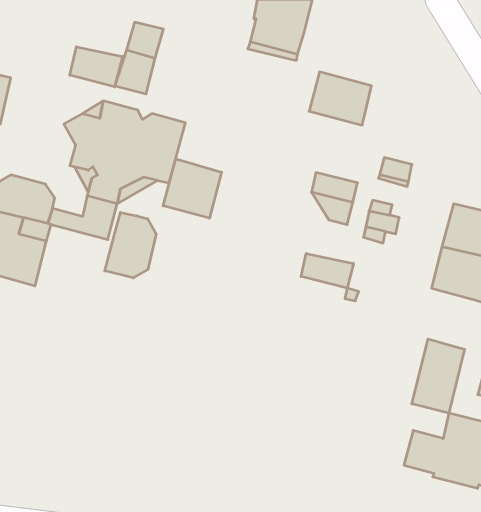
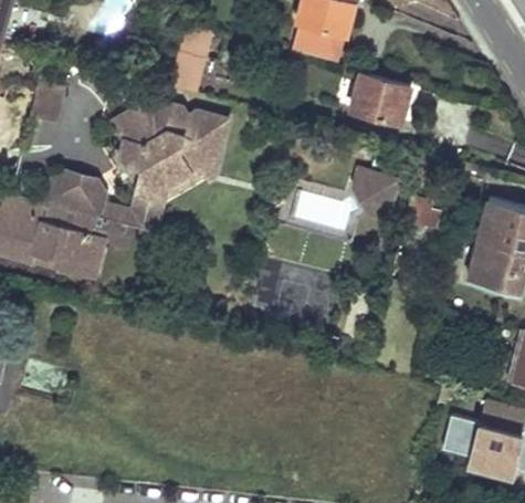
building: [70,47,122,87] -> none
building: [163,159,222,218] -> none
building: [105,212,156,278] -> none
building: [301,253,353,288] -> none
building: [412,339,465,413] -> none

